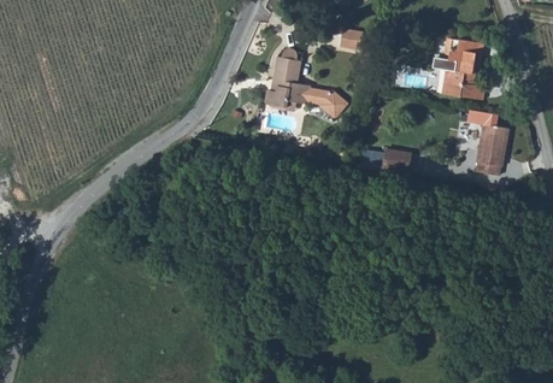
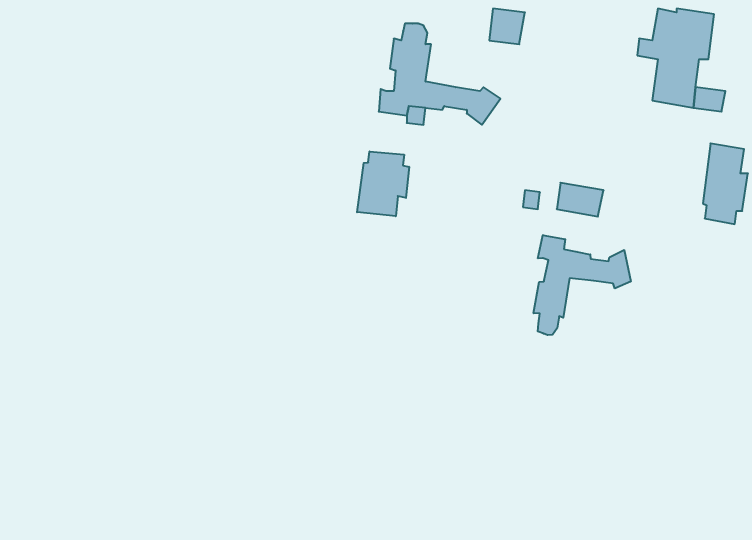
building: none -> [357,151,409,216]
building: none -> [534,235,631,335]

